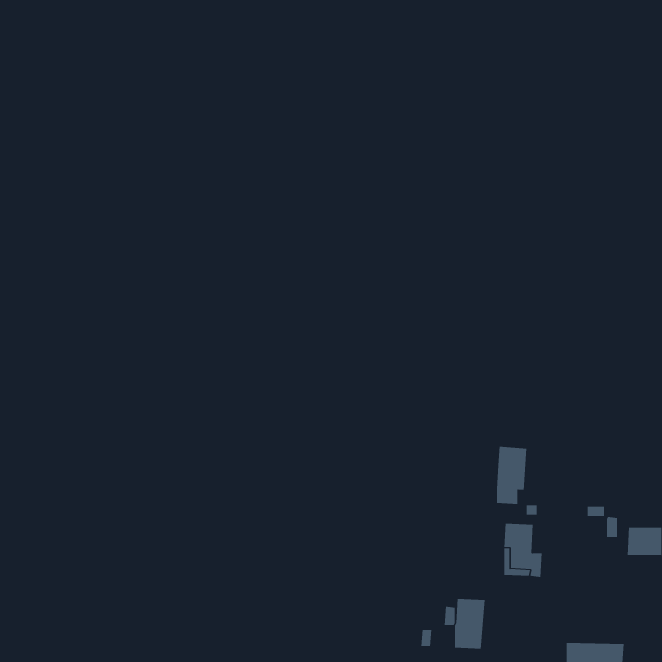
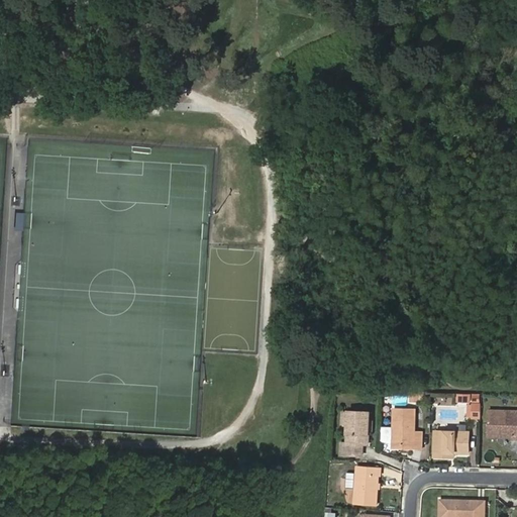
building: [496,446,527,504] -> [345,410,370,455]
building: none -> [433,431,469,457]

